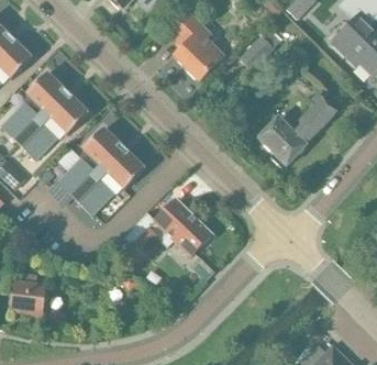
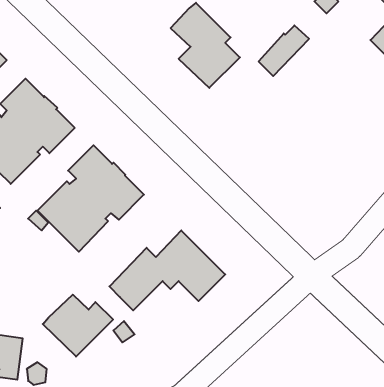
building: [257,92,336,167] -> none
building: none -> [43,295,113,357]

